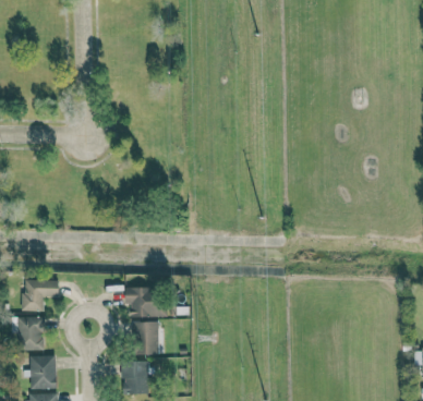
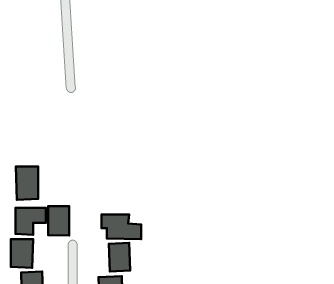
building: none -> [16,166,38,200]
building: none -> [48,206,69,235]

